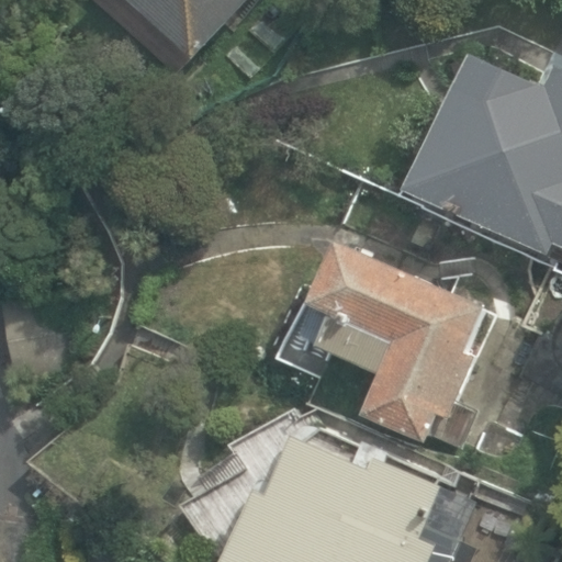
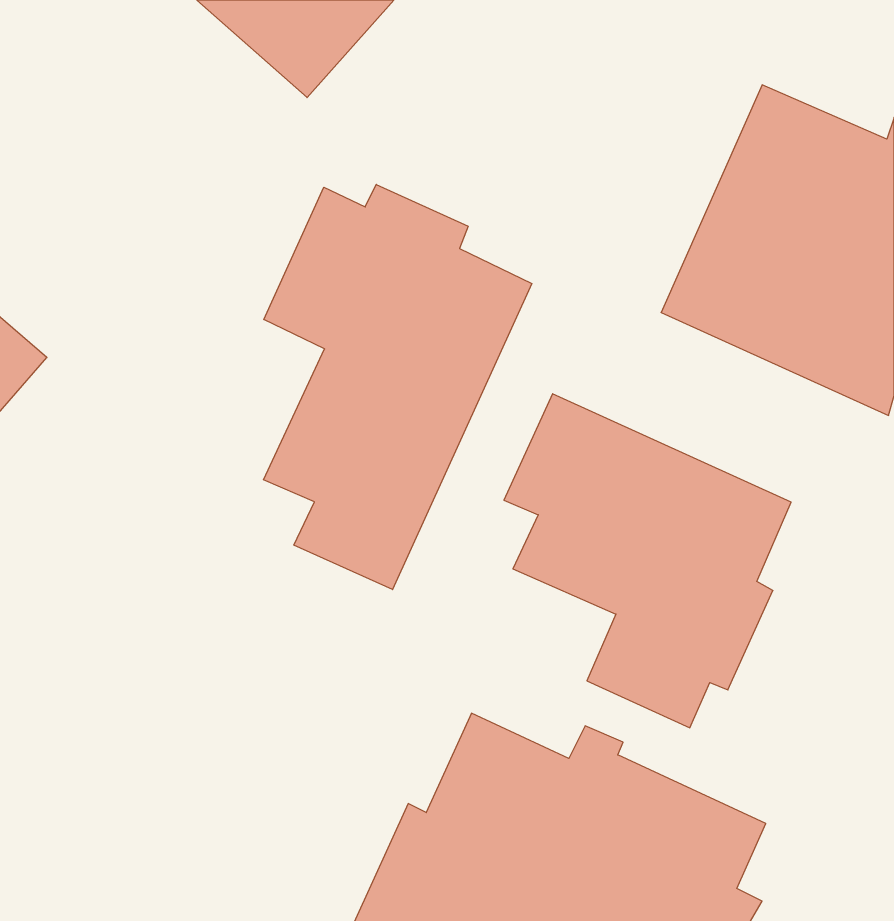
building: none -> [264,184,532,590]

